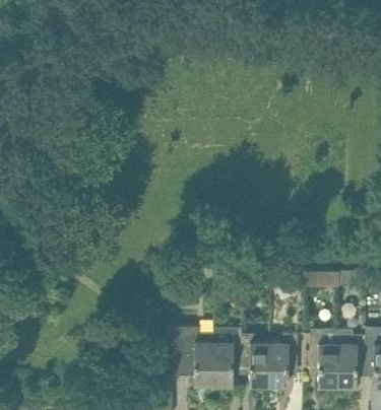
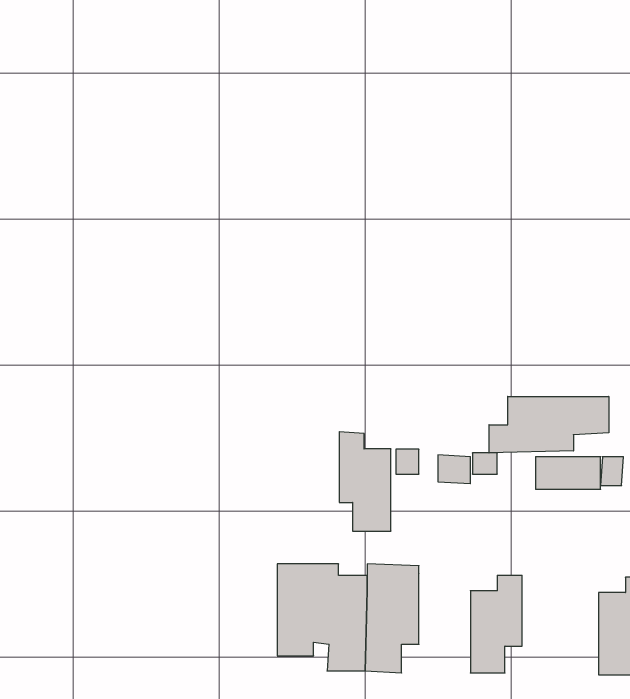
building: none -> [489,396,609,453]
building: [242,335,269,388] -> [339,432,391,531]
building: [309,337,337,389] -> none

